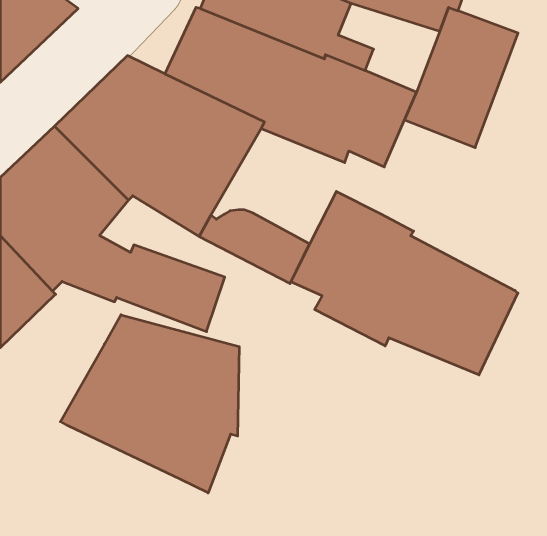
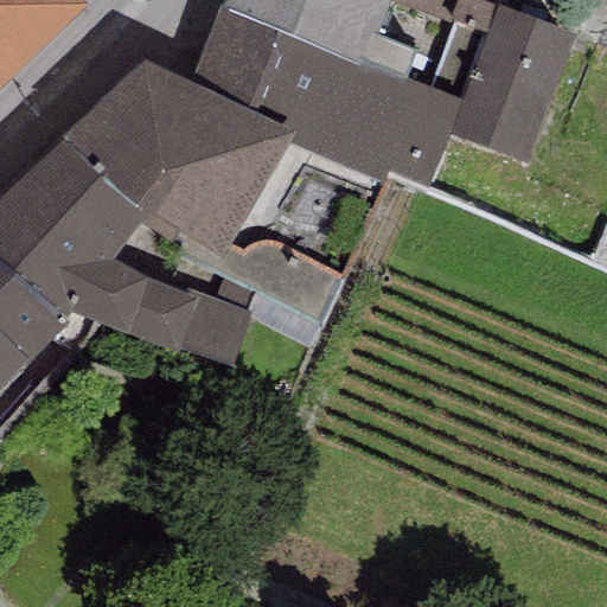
building: [291,191,518,375] -> none
building: [60,315,239,493] -> none

